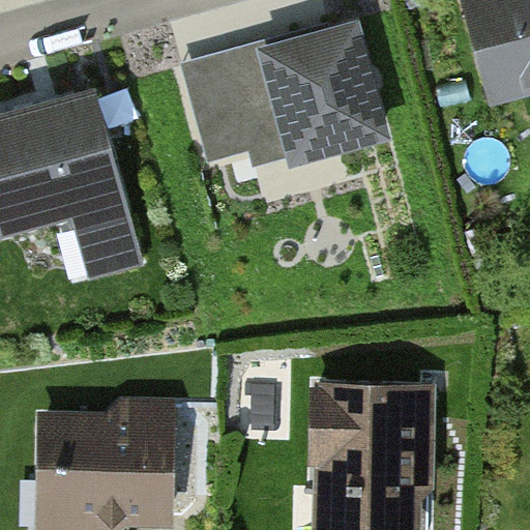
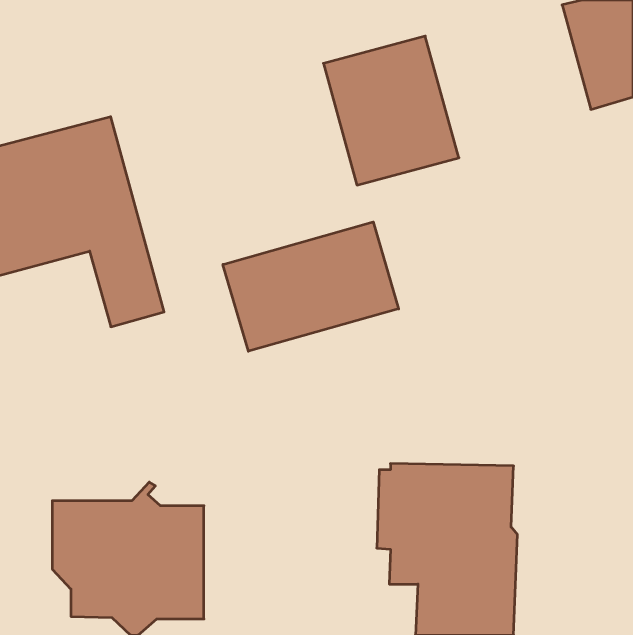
building: [187,64,253,160] -> none
building: none -> [223,222,399,351]

